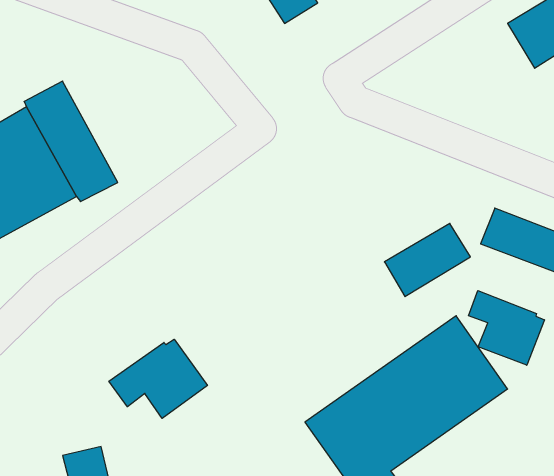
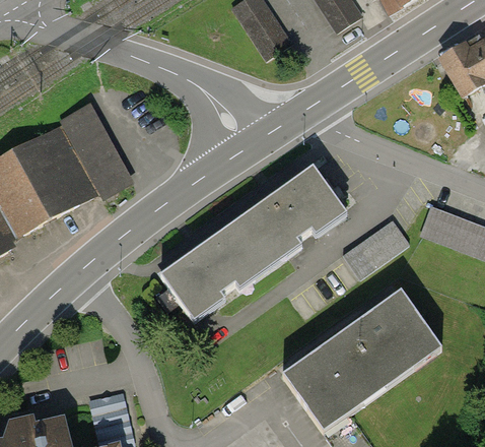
building: none -> [159,167,347,324]
building: [468,291,544,365] -> none
building: [109,339,207,418] -> none

